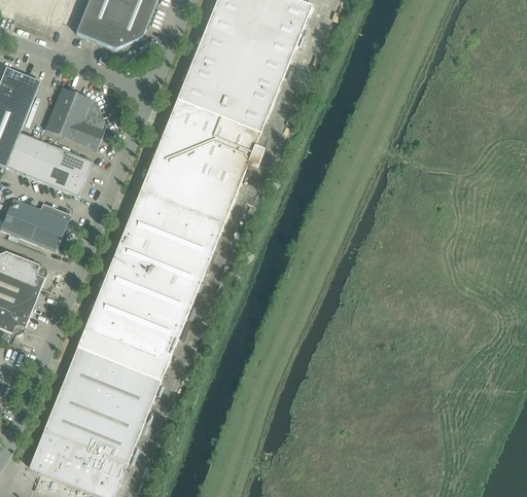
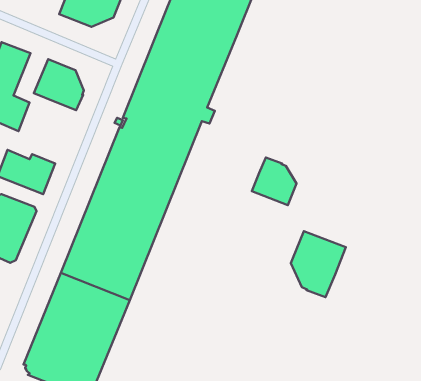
building: [26,140,92,196] -> none
building: none -> [252,158,296,205]
building: none -> [291,231,346,297]

